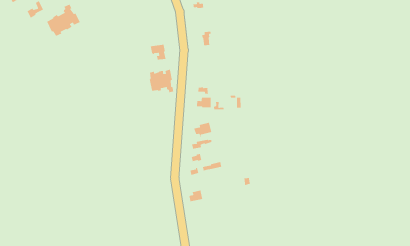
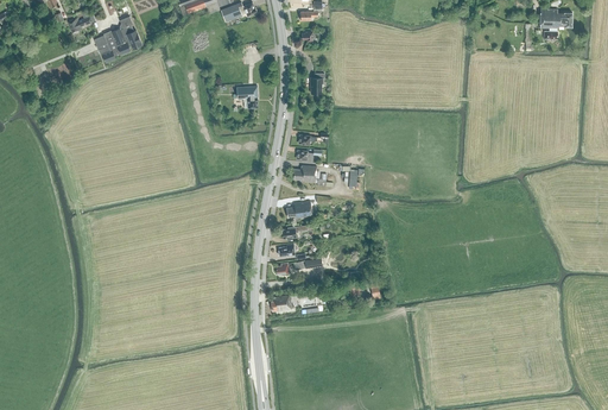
building: [149,68,174,93] -> none

